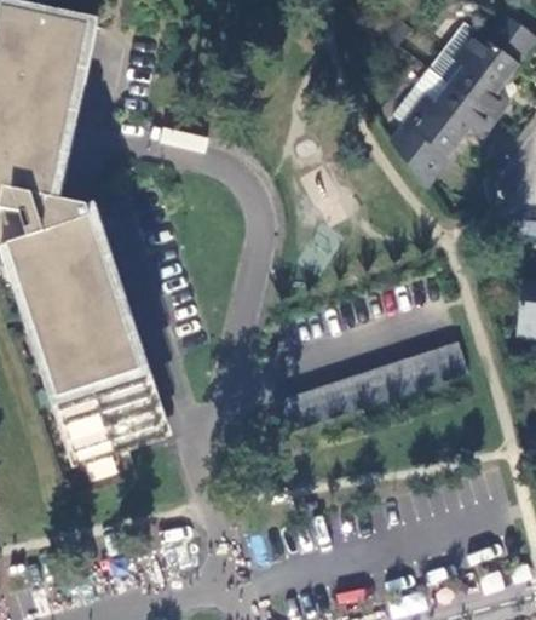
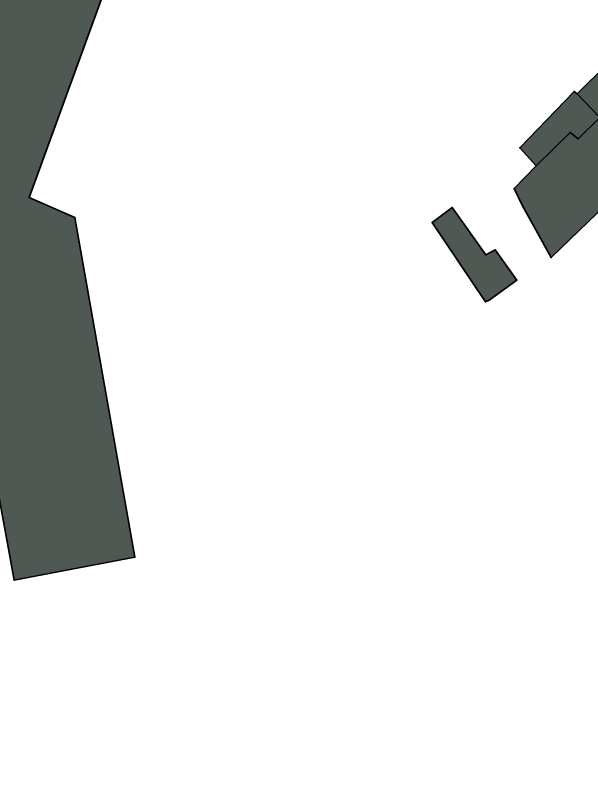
building: none -> [432,207,517,302]
building: [273,343,467,432] -> none

